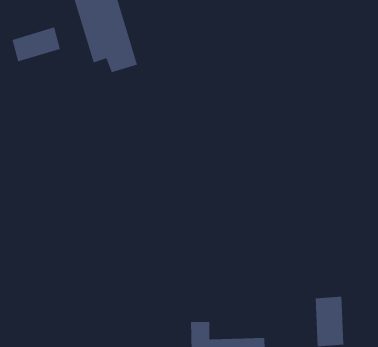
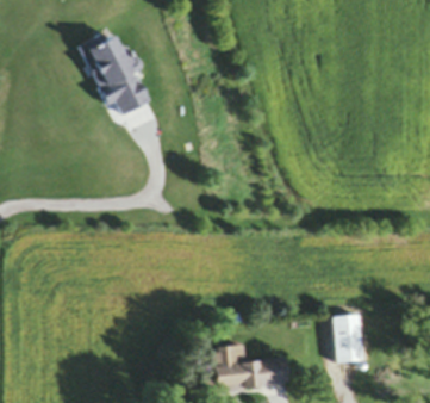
building: [12,27,60,62] -> none

